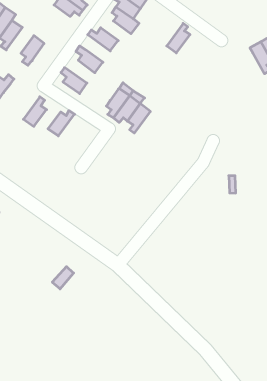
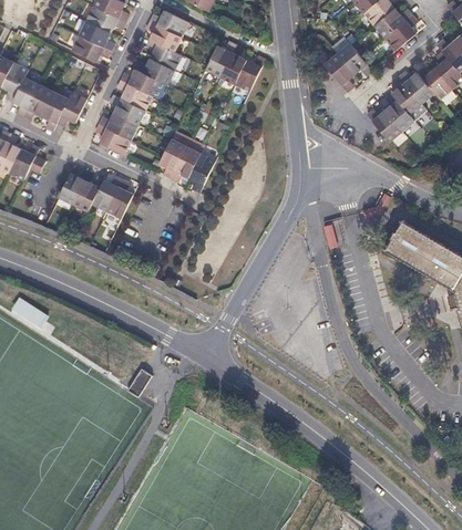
building: none -> [205,42,236,77]
building: none -> [135,58,174,84]
building: none -> [23,84,54,119]
building: none -> [234,56,264,92]
building: none -> [116,80,152,111]
building: none -> [58,92,86,126]
building: none -> [99,113,137,139]
building: none -> [73,177,103,211]
building: none -> [105,180,133,218]

